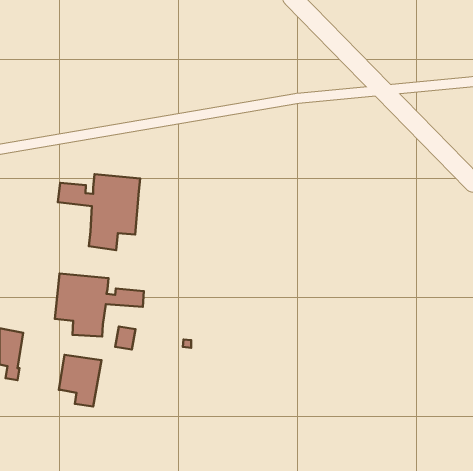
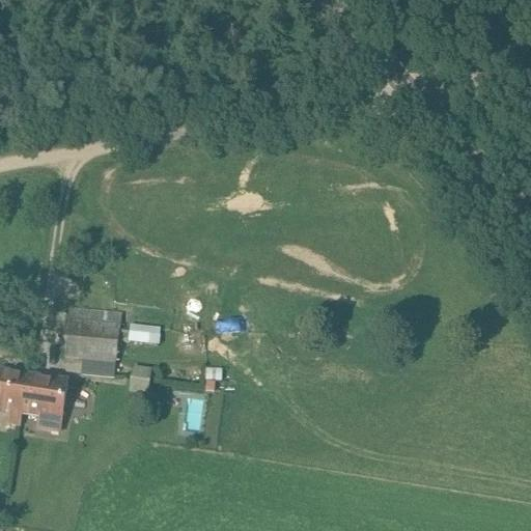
building: [58,174,140,250] -> none
building: [59,355,102,407] -> [20,372,67,430]

